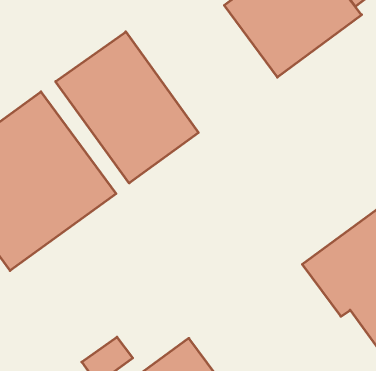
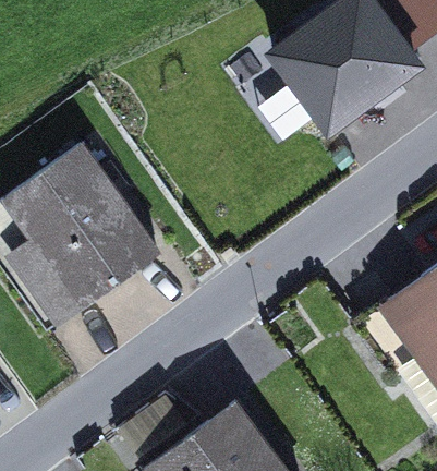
building: [56,32,198,183] -> none

